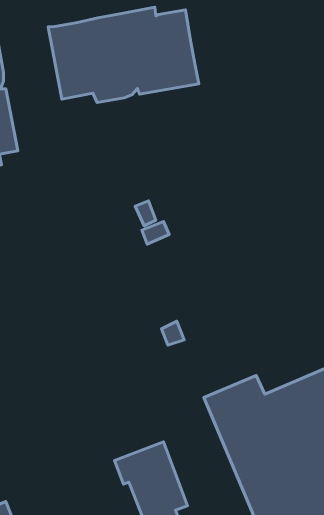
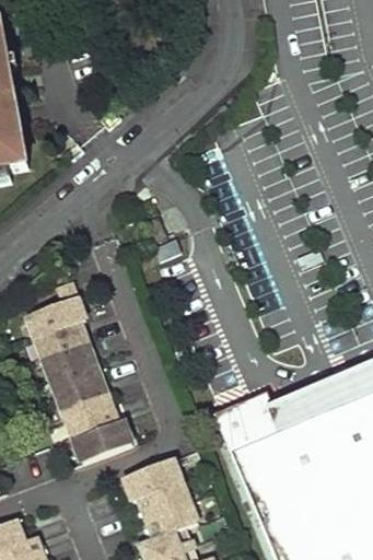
building: [48,7,199,103] -> none
building: none -> [27,279,133,459]

